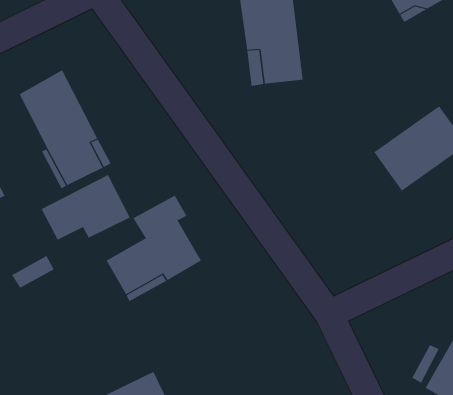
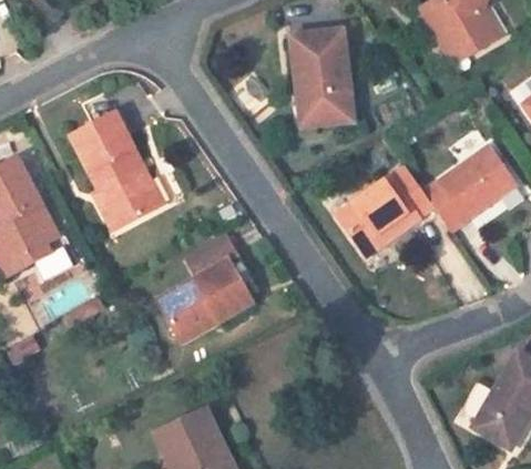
building: none -> [336,167,433,256]
building: [41,174,130,241] -> none

